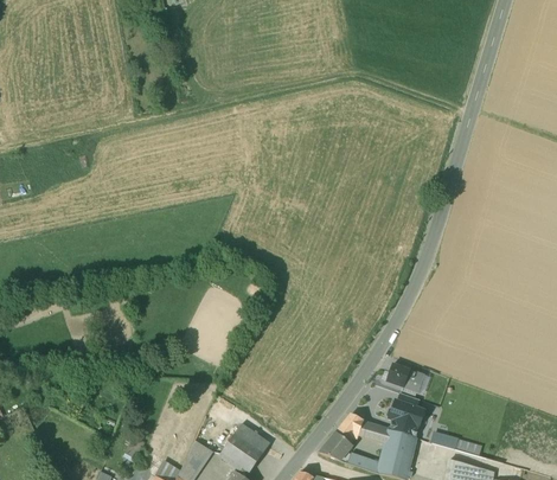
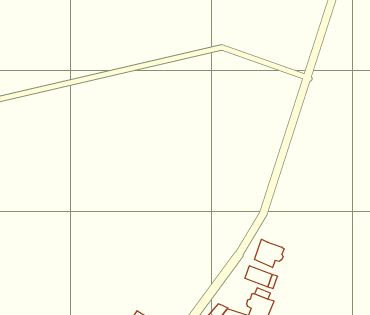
building: none -> [255,239,284,268]

